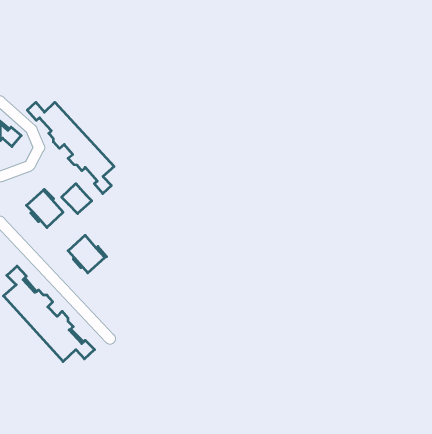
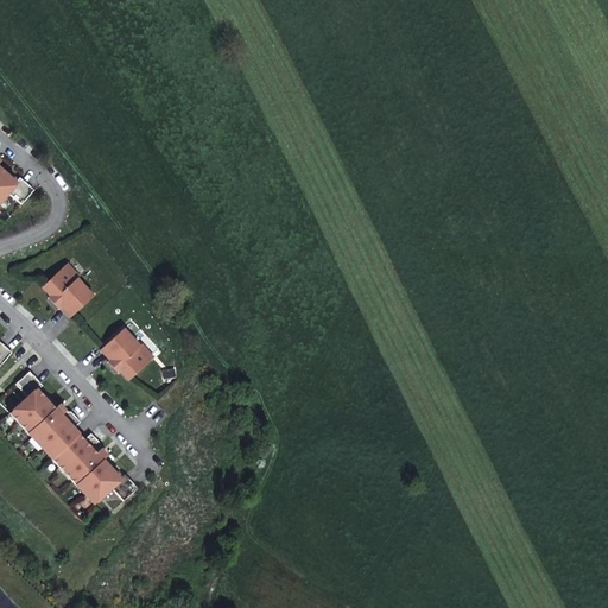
building: [27,102,114,194] -> none
building: [62,184,92,214] -> none

